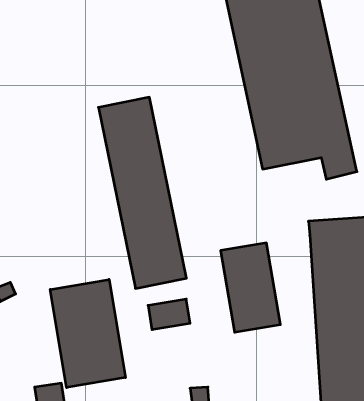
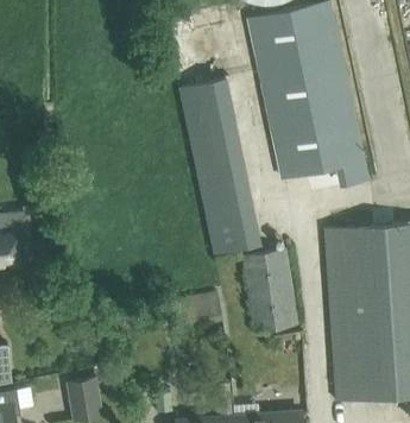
building: [98,97,186,288] -> [179,77,261,255]
building: [50,279,125,388] -> none

